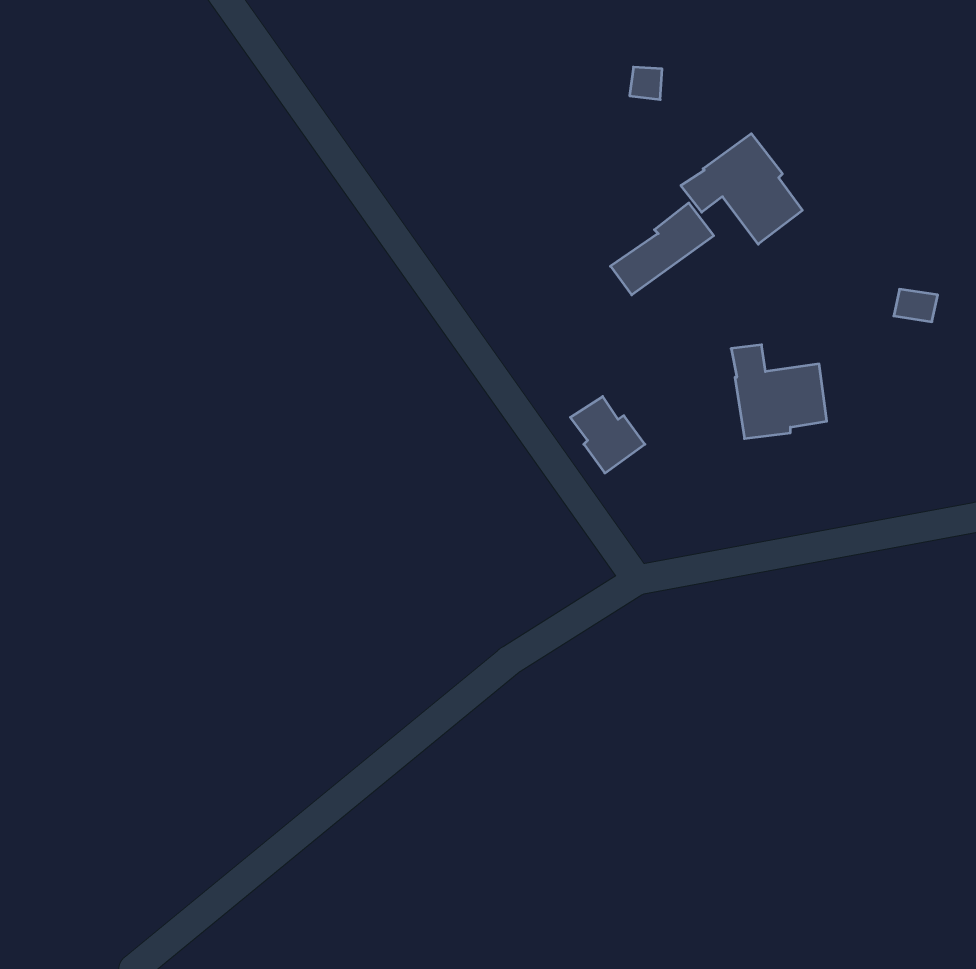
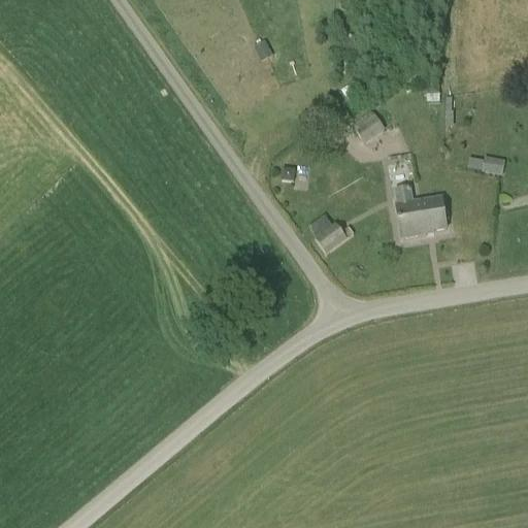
building: [681,134,802,244] -> none

